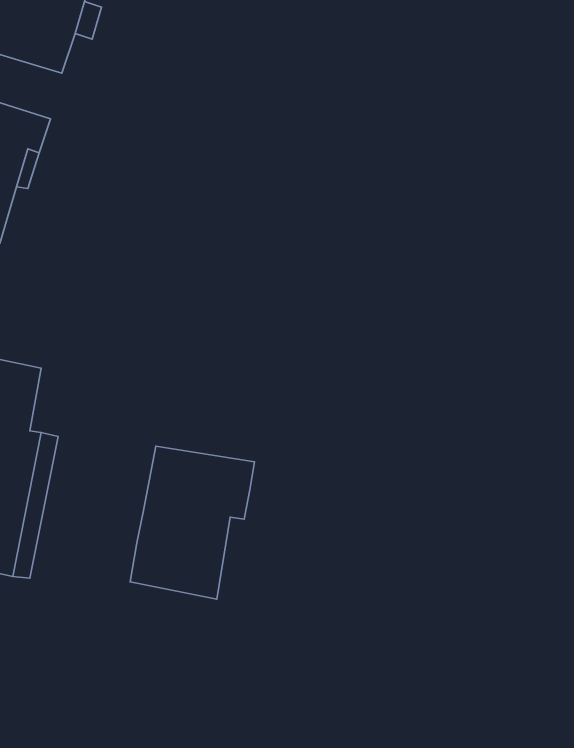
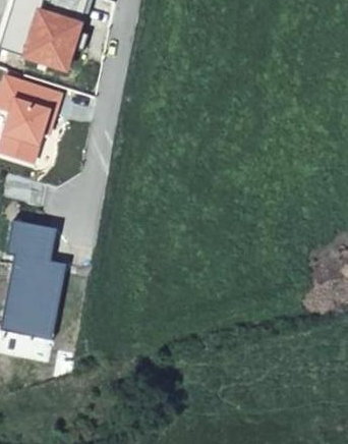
building: [130,446,255,599] -> none

